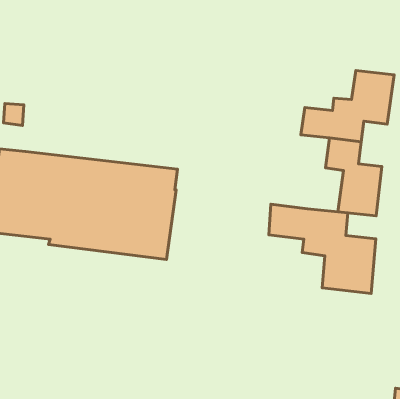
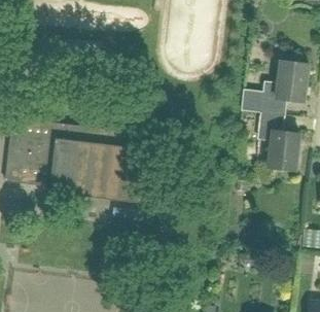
building: [269,204,376,294] -> none

